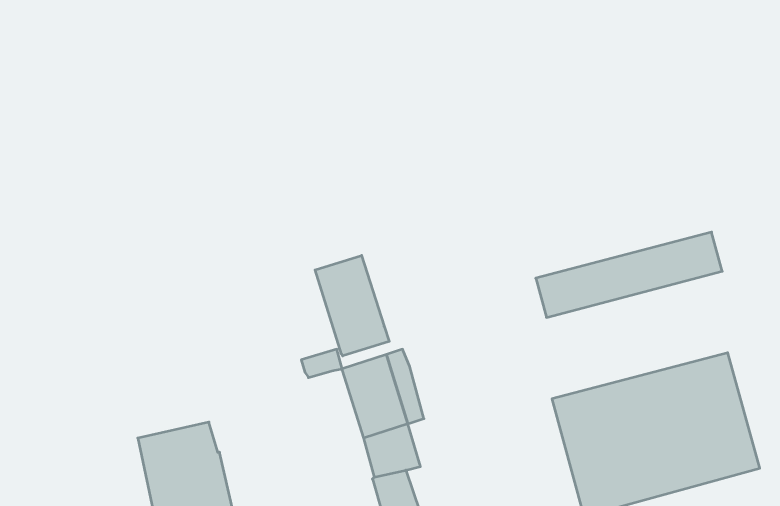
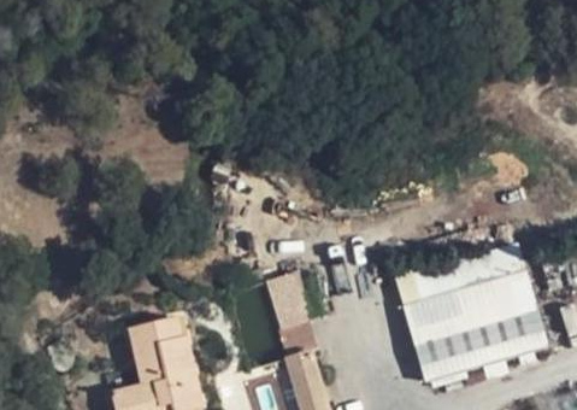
building: [536,232,722,317] -> [401,245,528,303]
building: [315,255,389,356] -> none

